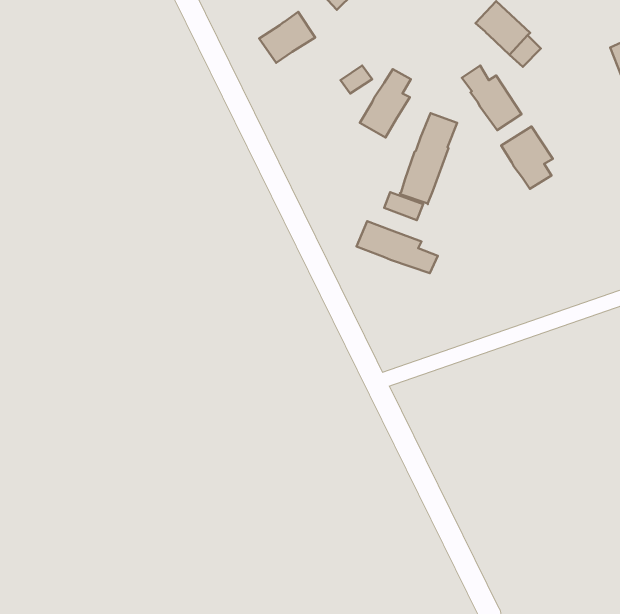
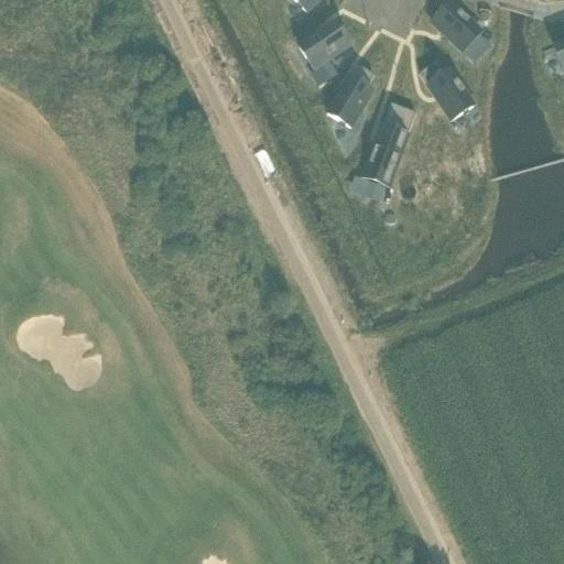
building: [259,12,315,63] -> [299,20,349,66]
building: [501,126,553,189] -> none
building: [357,221,438,273] -> none

